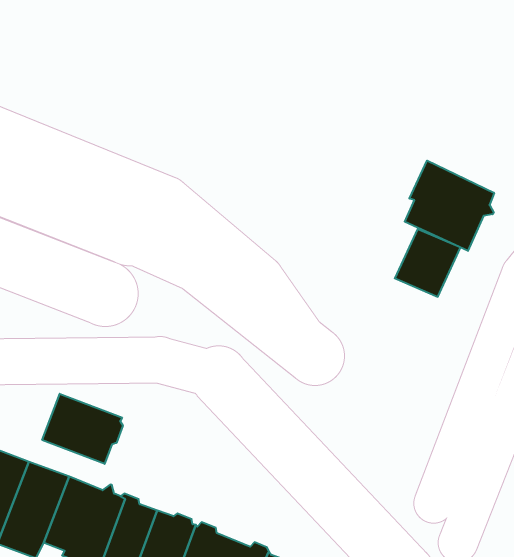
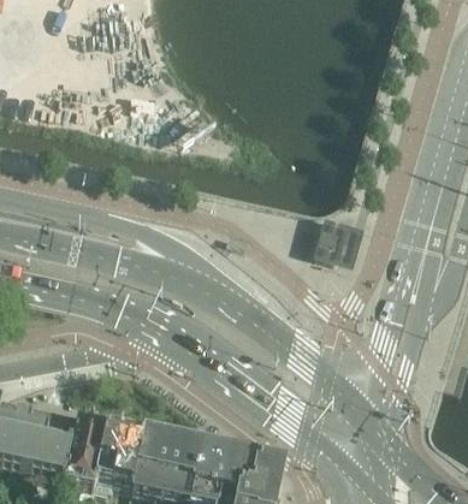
building: [405,161,494,251] -> none
building: [42,394,123,464] -> none

